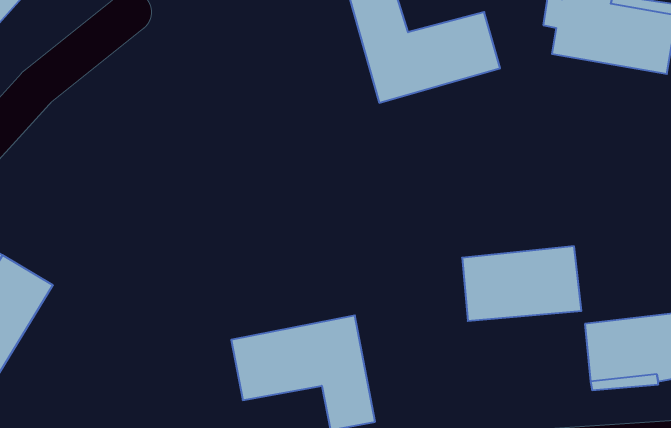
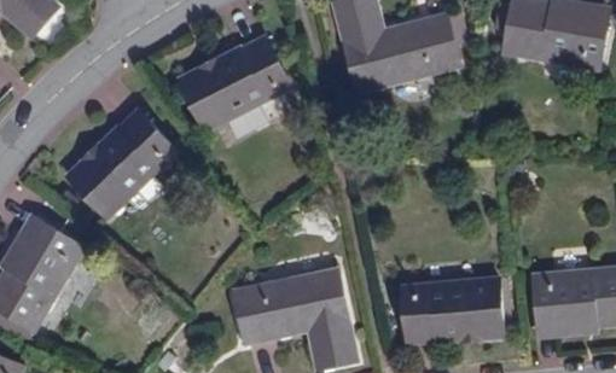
building: none -> [182,37,292,129]
building: none -> [70,111,178,216]
building: [462,246,581,321] -> [403,279,504,342]

